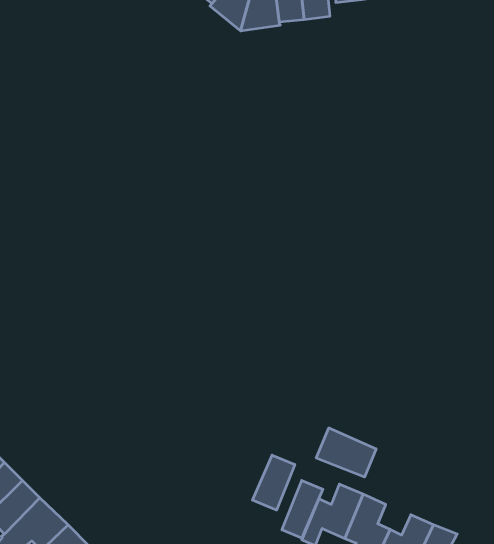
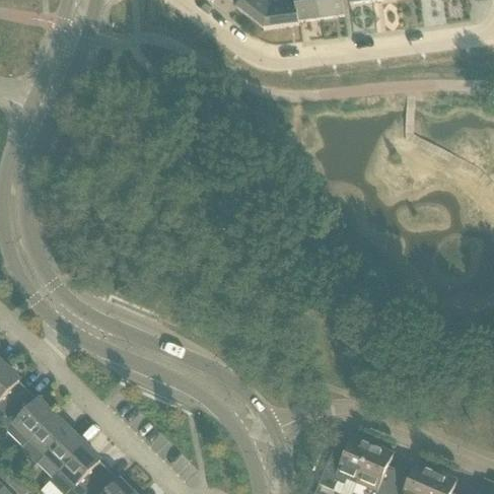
building: [316,428,376,477] -> none
building: [252,455,295,510] -> none
building: [282,480,323,538] -> none

